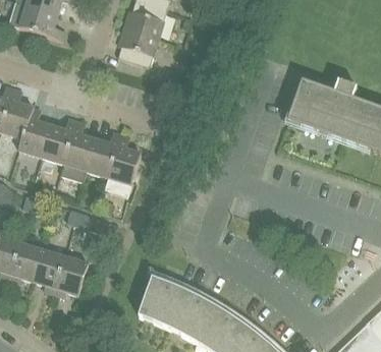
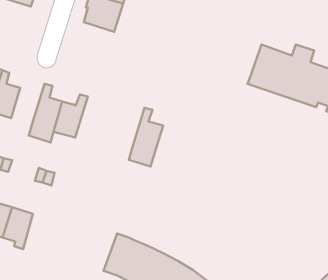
building: [42,116,76,162] -> none
building: [105,132,141,193] -> [129,108,163,167]
building: [54,254,88,294] -> none

